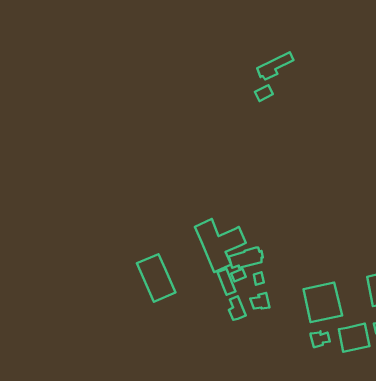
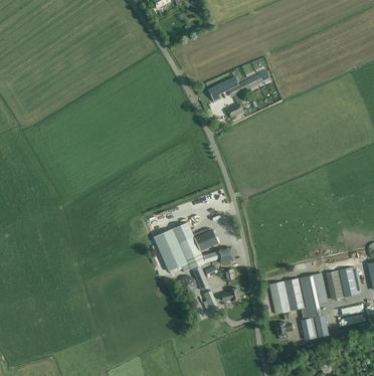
building: [137,254,176,302] -> [155,228,189,270]
building: none -> [300,272,330,310]

